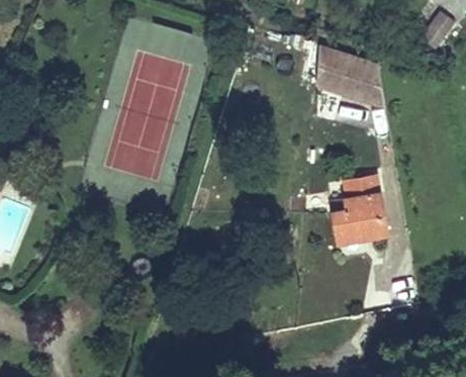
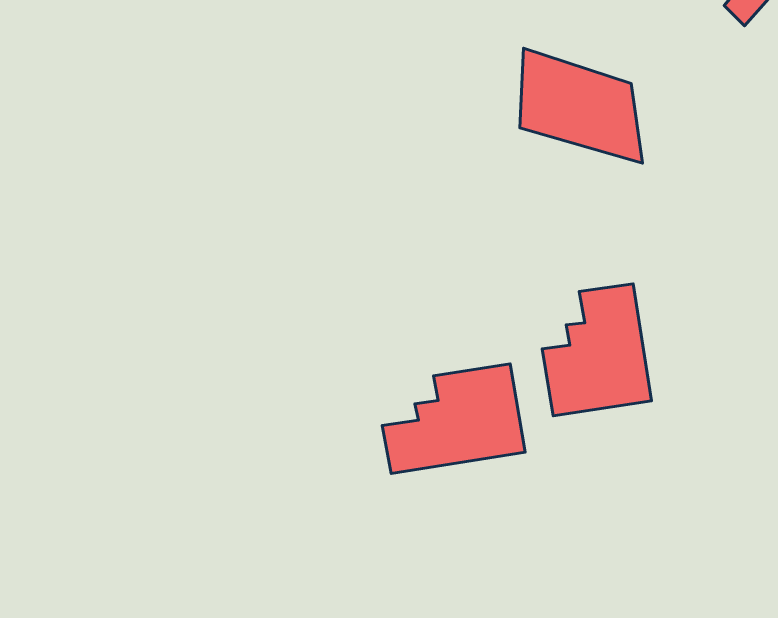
building: none -> [382,364,525,474]

